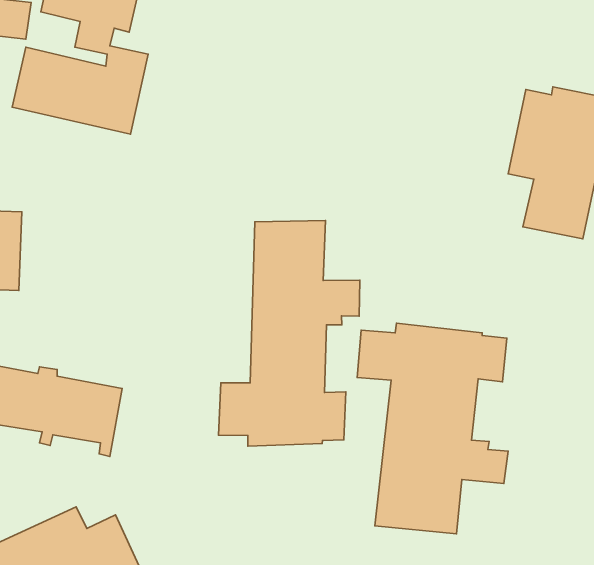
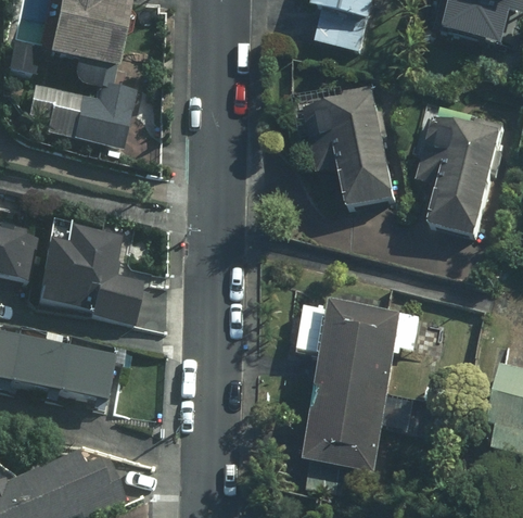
building: none -> [304,84,398,205]
building: [218,220,360,446] -> none
building: none -> [38,224,140,324]

